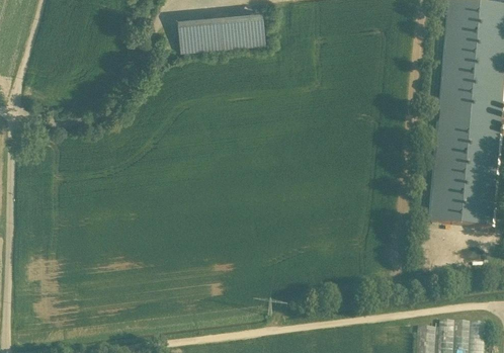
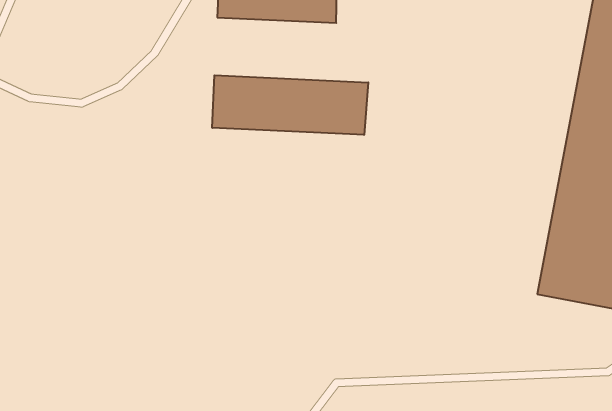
building: none -> [212,75,368,135]

